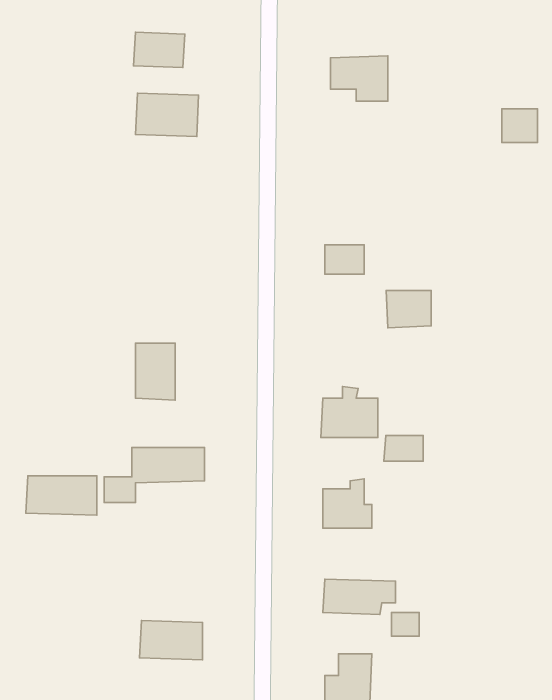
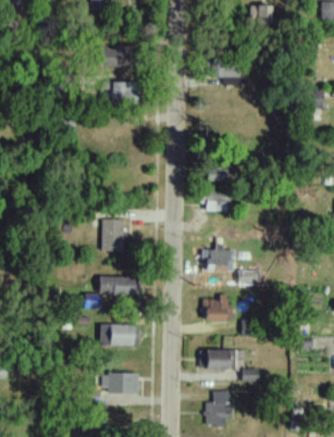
building: [386,290,431,328] -> [206,191,231,212]
building: [26,476,97,515] -> [100,325,139,347]

